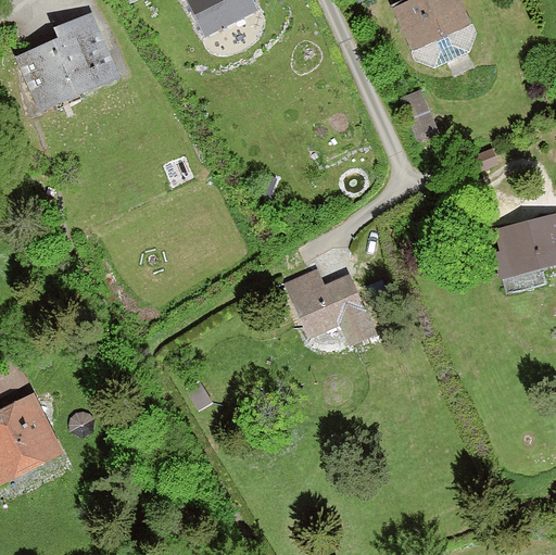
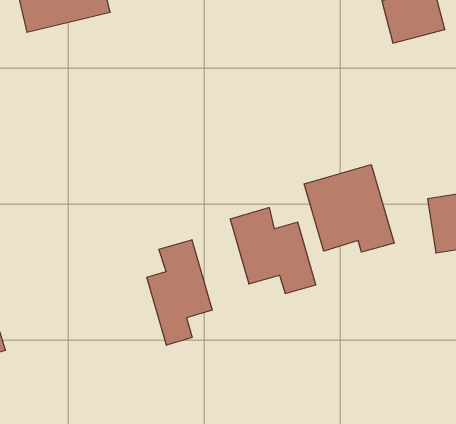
building: none -> [304,165,394,252]
building: none -> [147,240,212,345]

